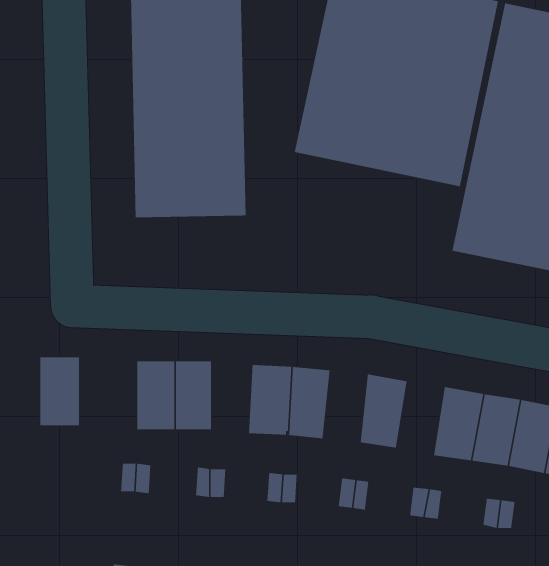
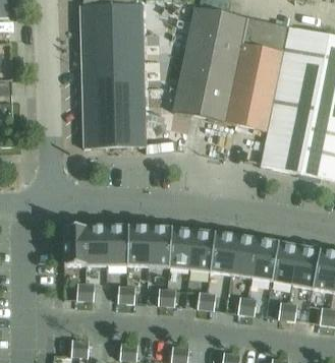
building: [39,357,80,426] -> [63,227,86,265]
building: none -> [127,227,150,267]
building: none -> [189,232,214,273]
building: none -> [230,238,257,280]

